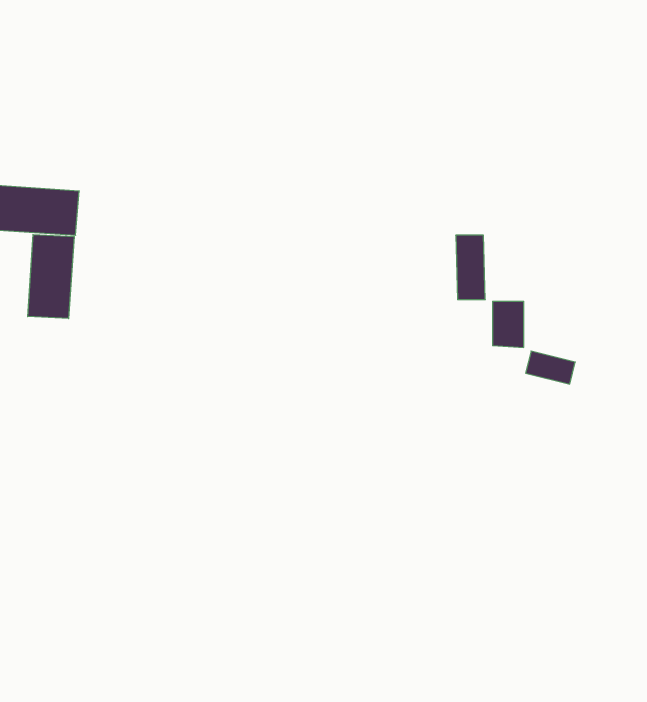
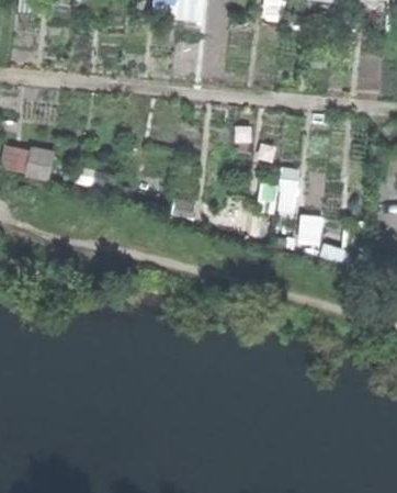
building: [28,234,74,319] -> none

